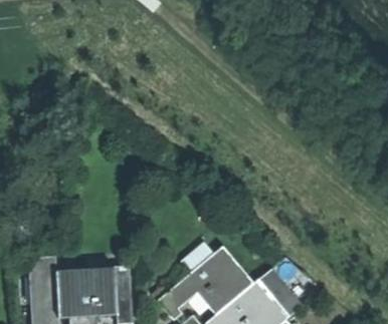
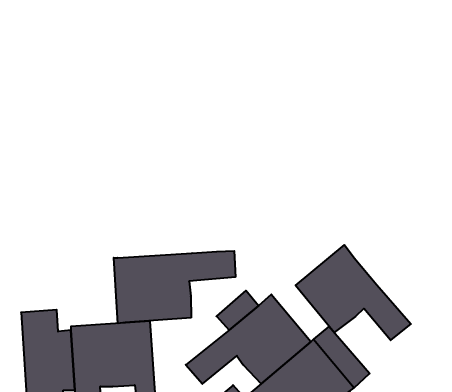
building: none -> [296,245,411,340]
building: none -> [114,251,235,323]

